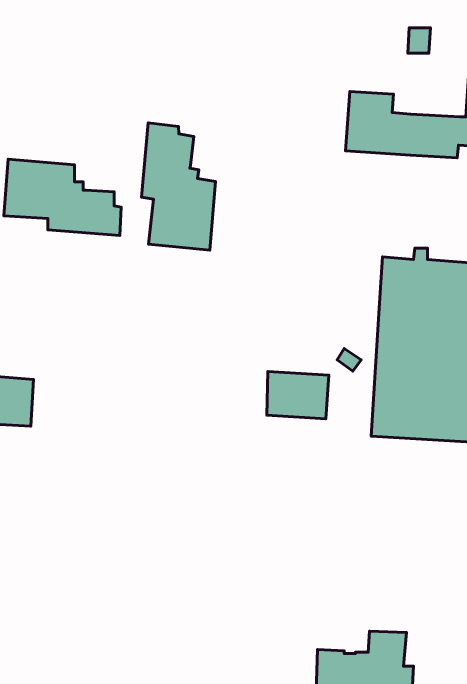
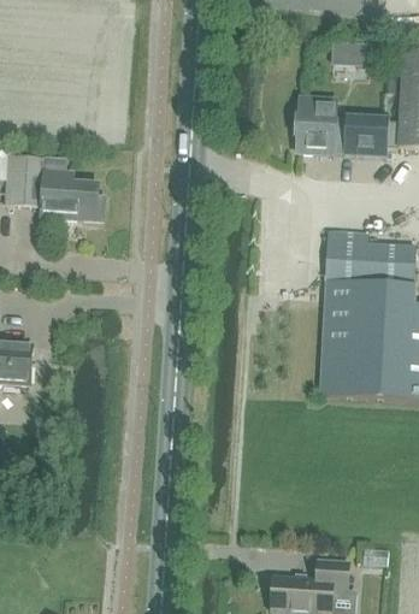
building: [141,123,216,250] -> none
building: [267,371,329,419] -> none

